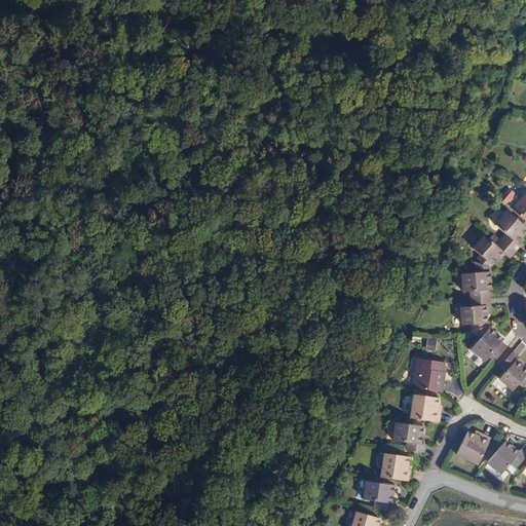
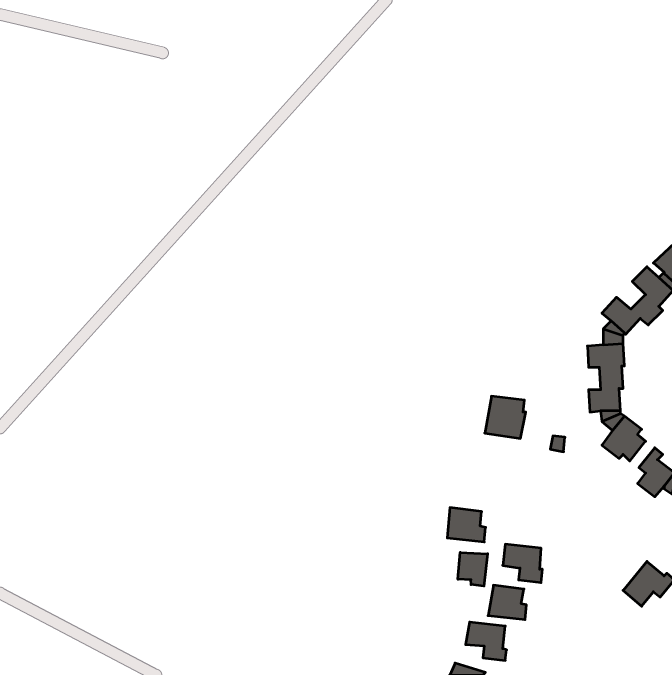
building: [413,358,445,390] -> [485,396,526,438]
building: [410,394,440,421] -> [447,508,486,542]
building: none -> [458,552,488,586]
building: [458,430,490,461] -> none

